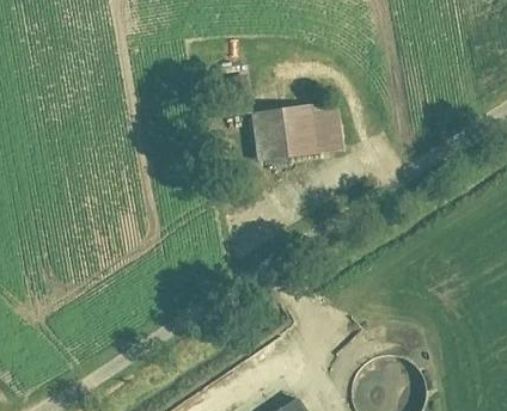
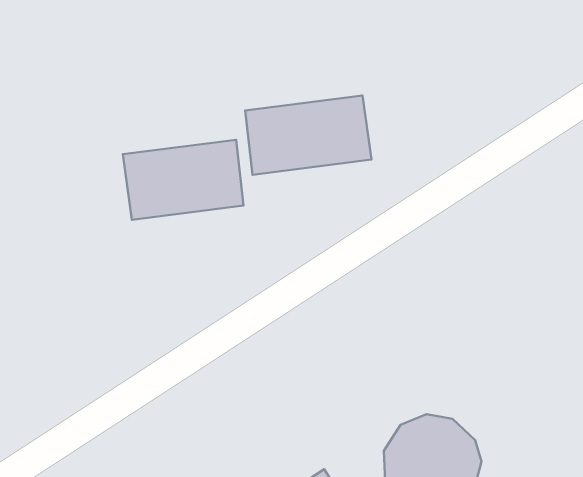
building: none -> [123,140,244,220]

